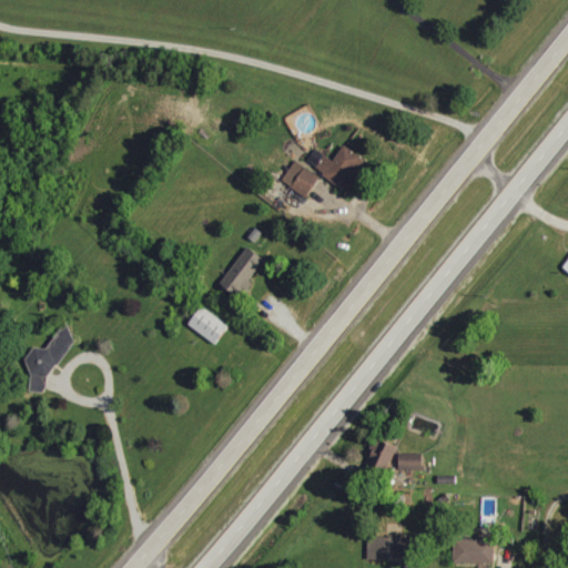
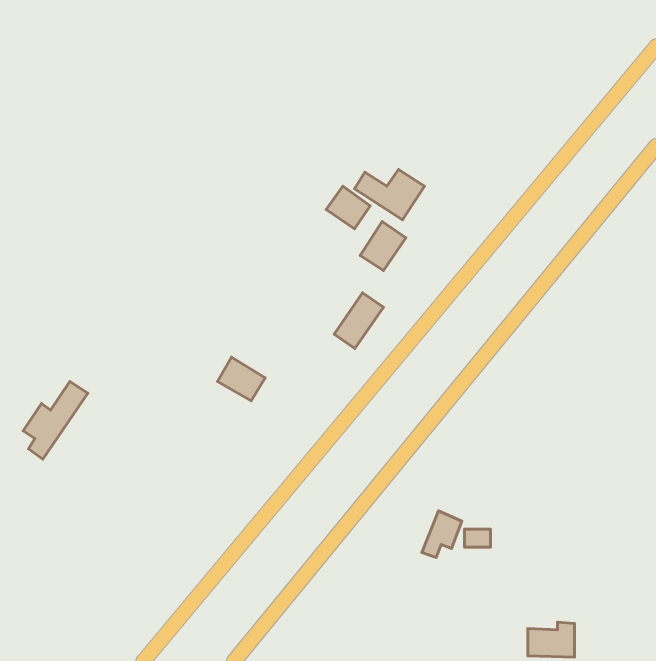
building: none -> [360,222,406,271]
building: [221,246,263,294] -> [334,293,383,348]
building: [365,538,410,561] -> none

